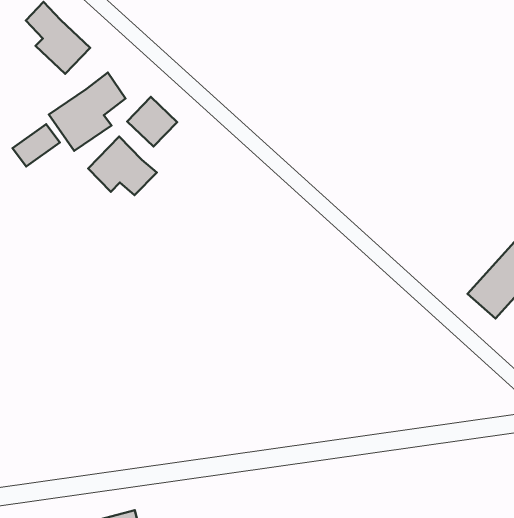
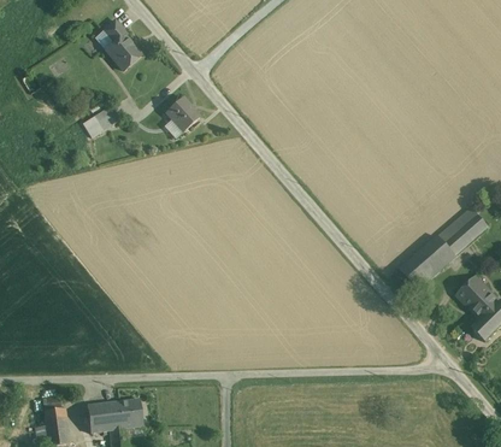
building: [49,73,126,151] -> none
building: [88,136,157,195] -> none

